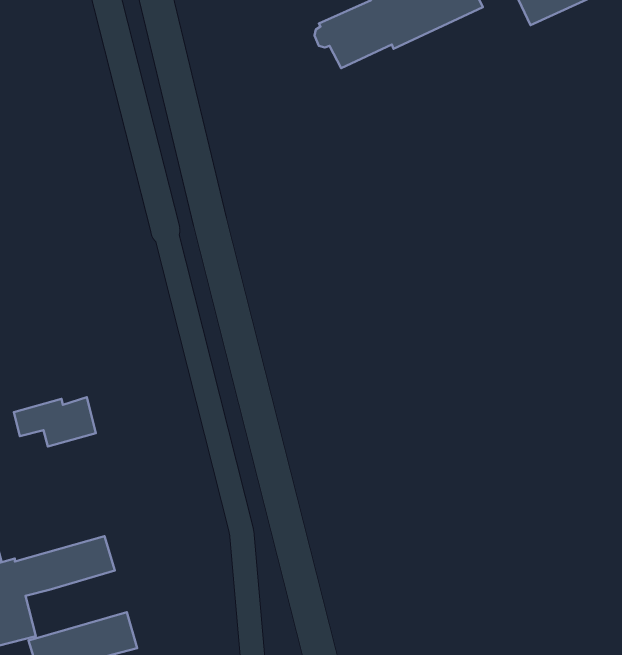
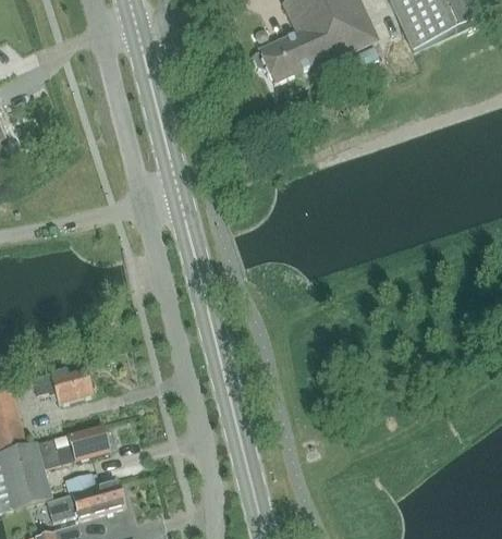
building: [14,397,96,446] -> [32,367,91,403]

